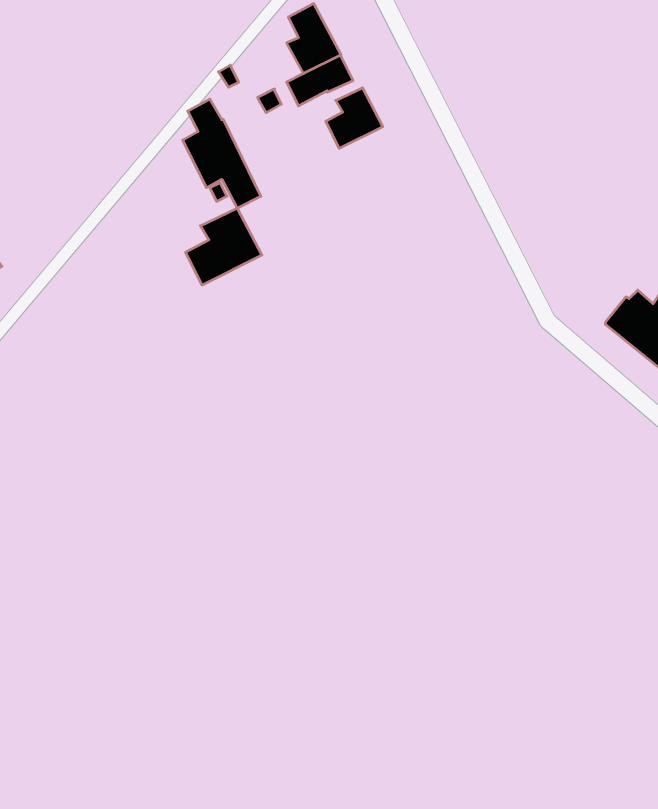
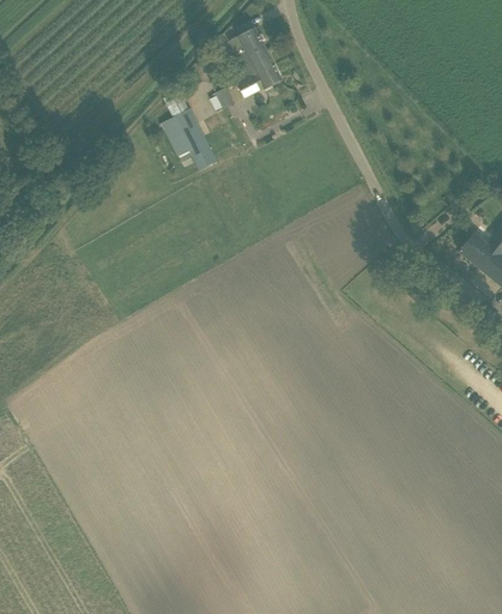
building: [326,88,383,148] -> none
building: [186,208,262,285] -> none

